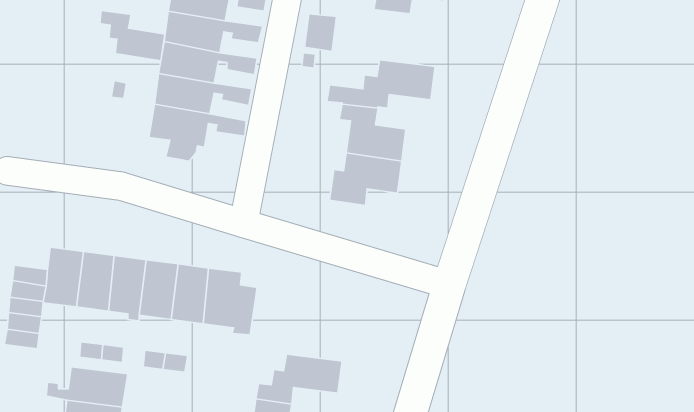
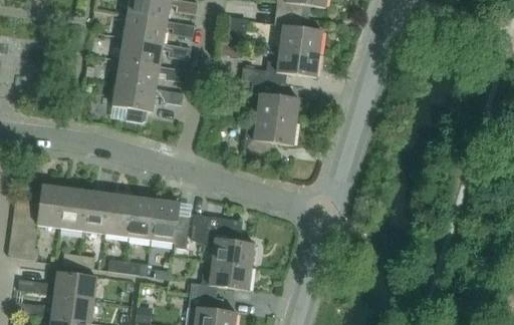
building: none -> [274,13,322,54]
building: [100,10,165,61] -> none
building: none -> [192,214,256,267]

